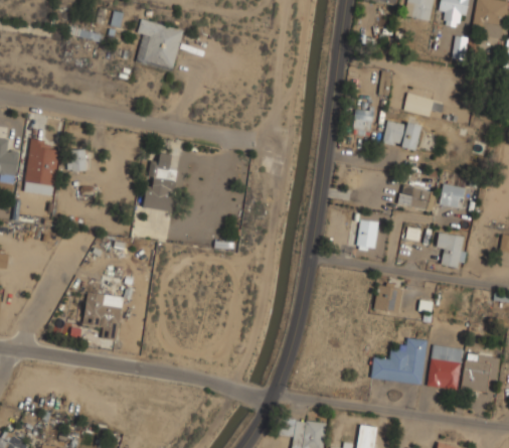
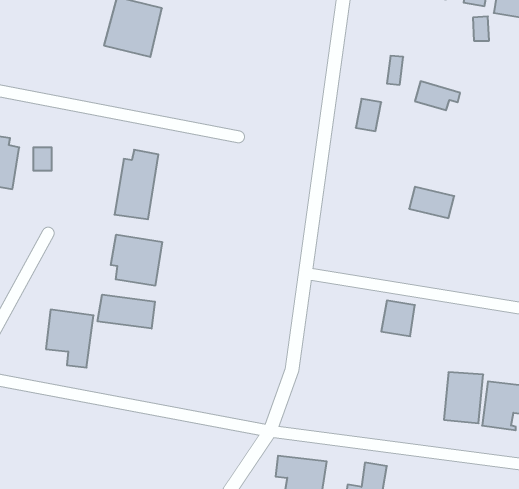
building: [382,119,419,150] -> none
building: [439,183,464,208] -> none
building: [355,218,378,252] -> none
building: none -> [111,235,162,286]
building: [435,232,467,269] -> none
building: none -> [98,295,155,329]
building: [370,337,427,385] -> none

